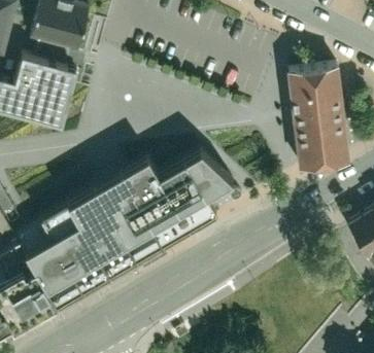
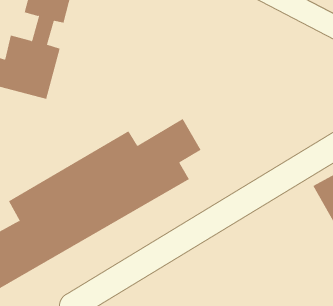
building: [292,68,352,169] -> none

